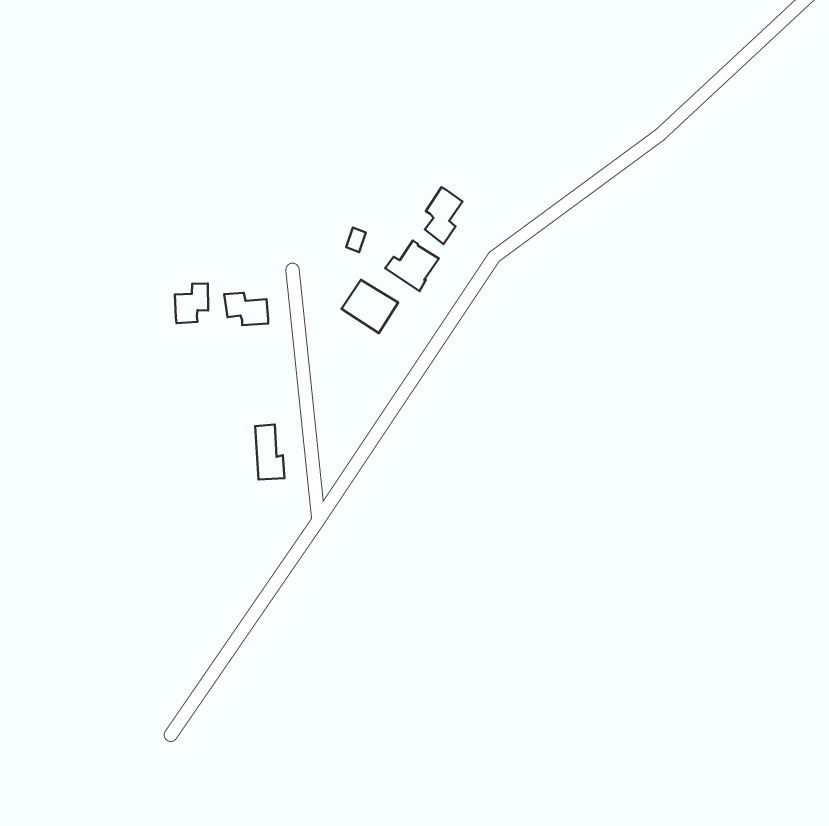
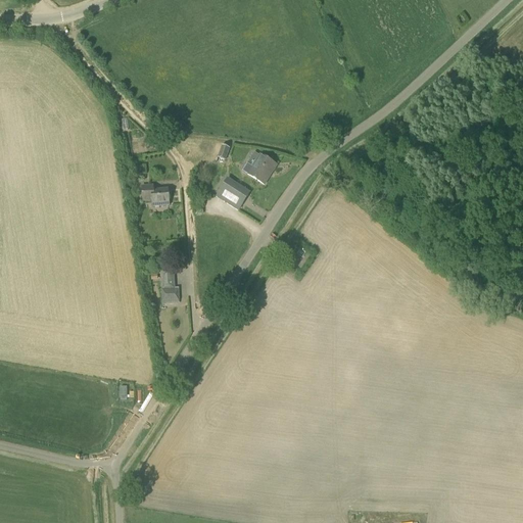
building: [425,187,463,244] -> none
building: [175,283,208,323] -> none

